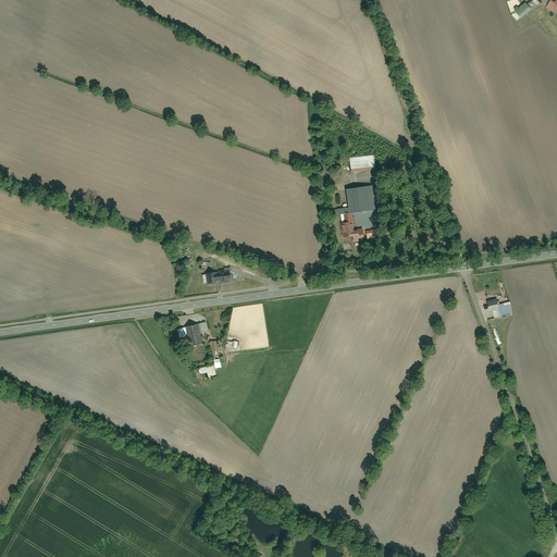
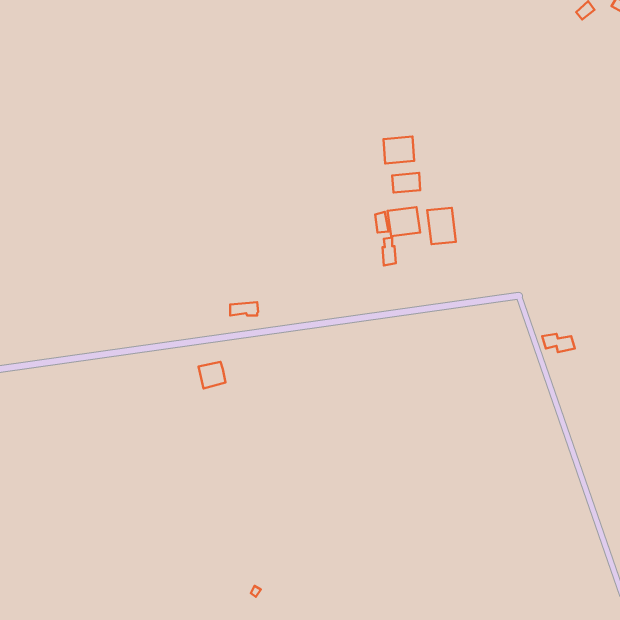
building: none -> [383,137,414,164]
building: none -> [427,208,456,244]

